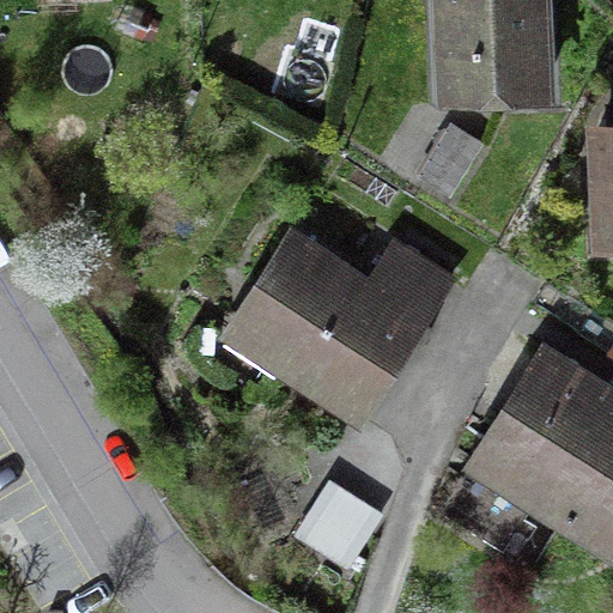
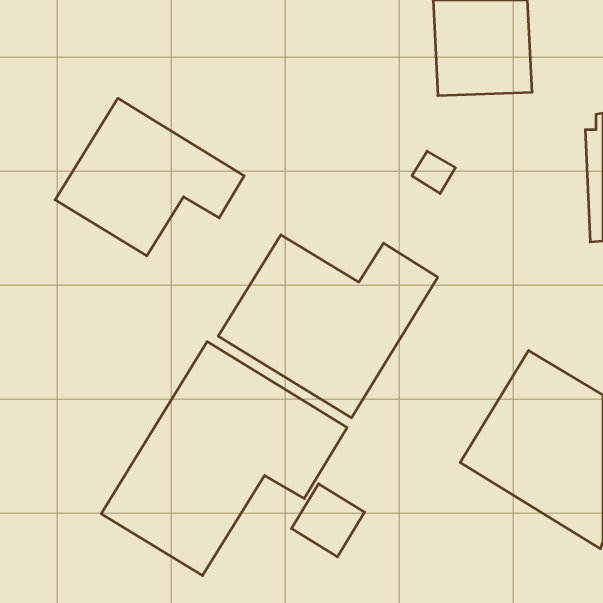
building: none -> [55,98,244,256]
building: none -> [101,342,347,576]

